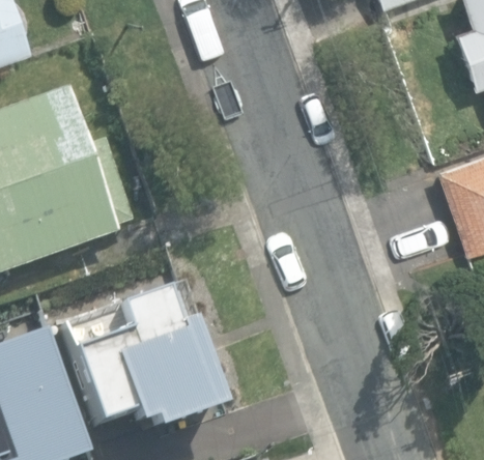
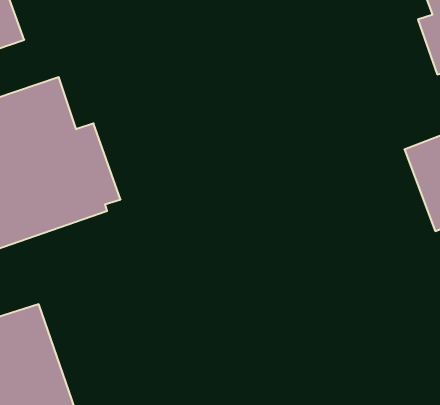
building: [64,287,219,427] -> none

